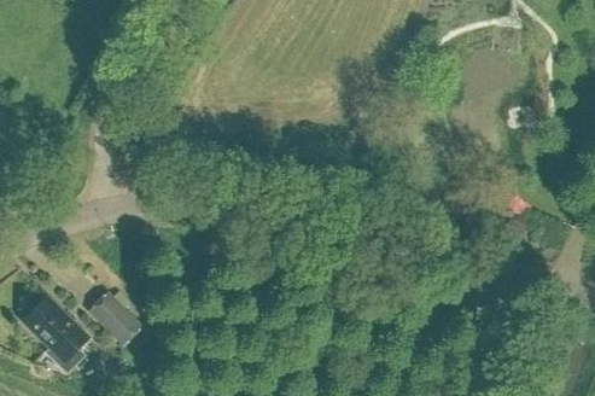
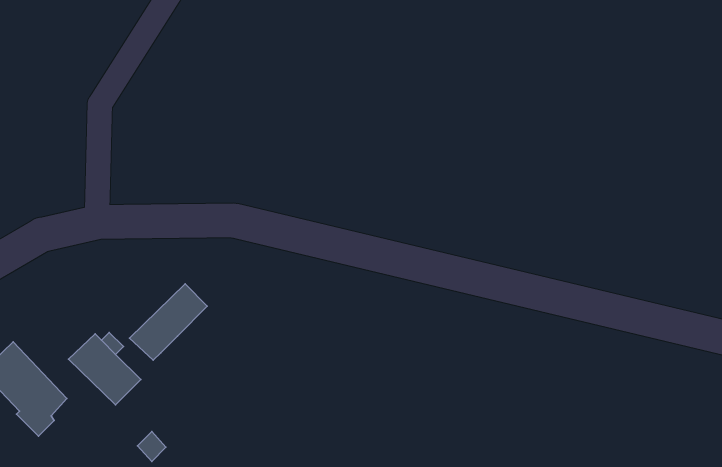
building: none -> [129,284,207,360]

